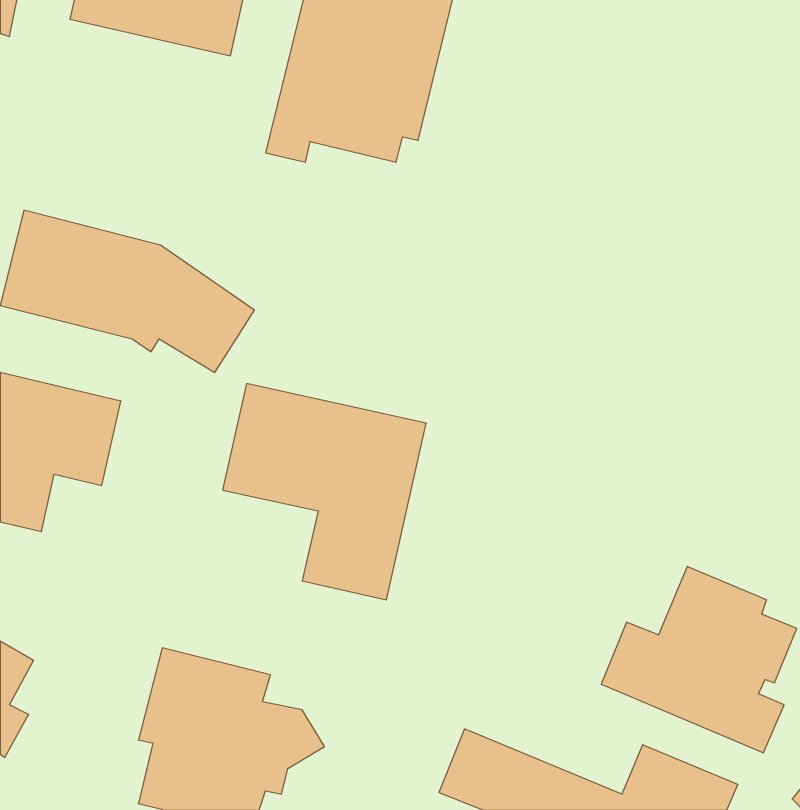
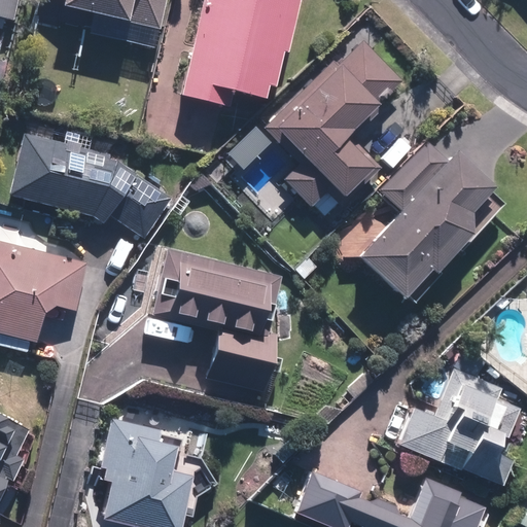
building: none -> [267,41,388,210]
building: none -> [351,141,500,309]

